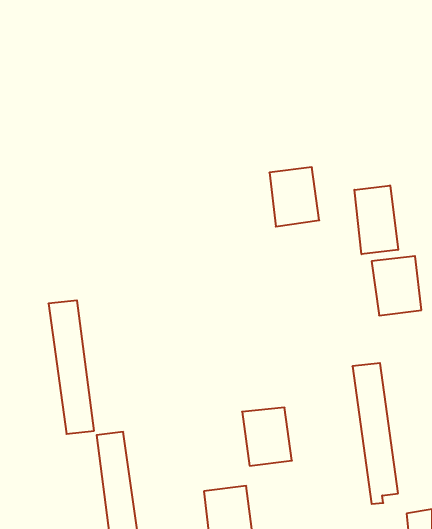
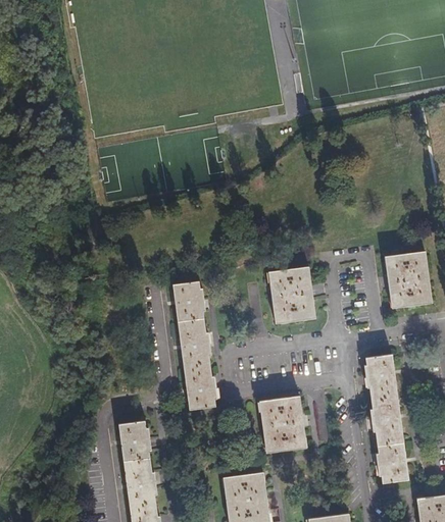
building: [269,167,319,227] -> [269,266,317,323]
building: [354,185,398,254] -> none
building: [48,300,94,434] -> [172,281,216,410]

